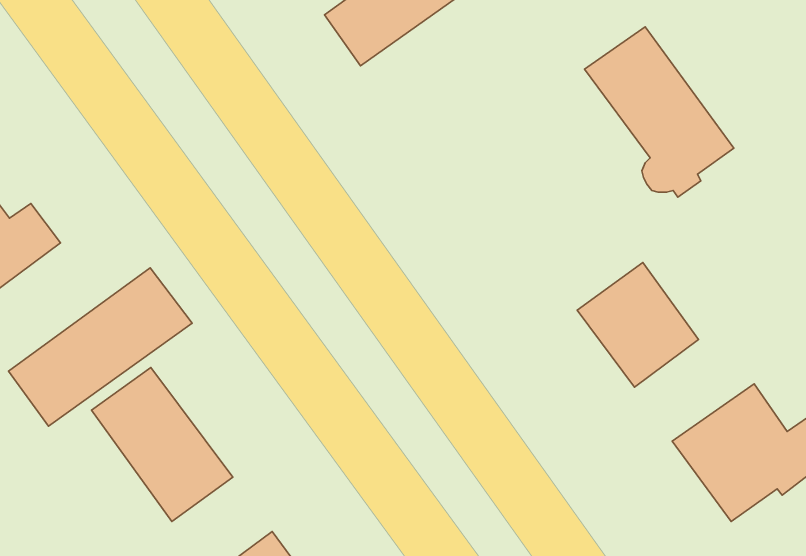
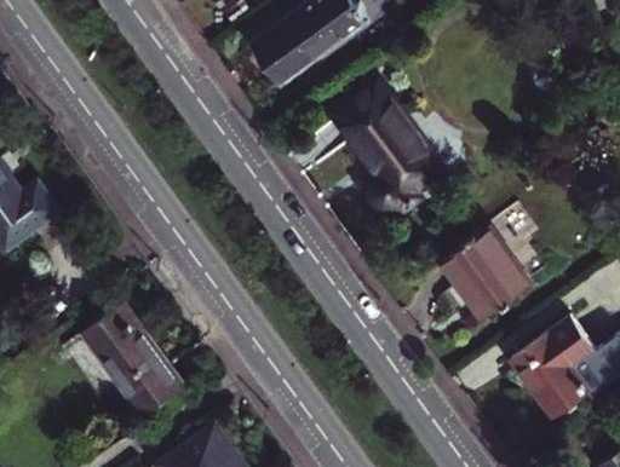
building: [584,27,734,197] -> [332,83,442,209]
building: [8,268,192,426] -> none

